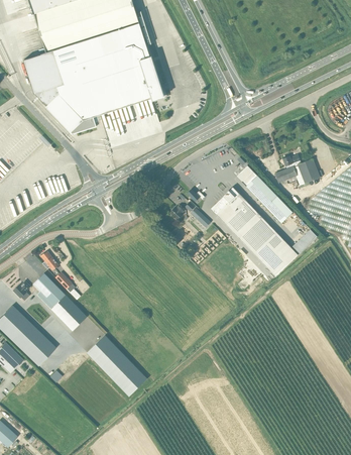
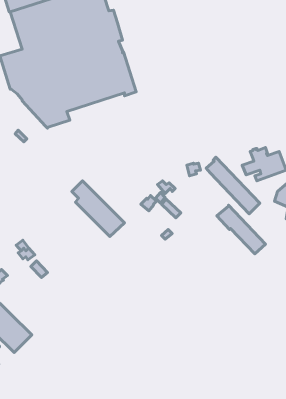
building: [211,188,287,276] -> none
building: [33,272,88,330] -> [72,181,124,236]
building: [87,335,147,396] -> none

